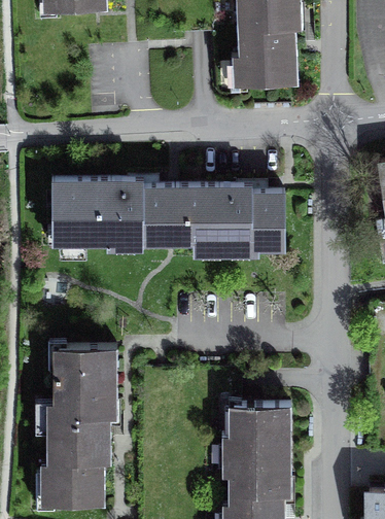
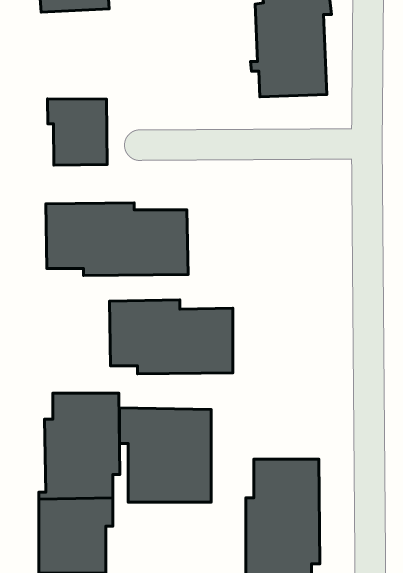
building: none -> [47,99,107,165]
building: [175,185,283,250] -> [109,300,233,374]
building: none -> [119,408,211,502]

